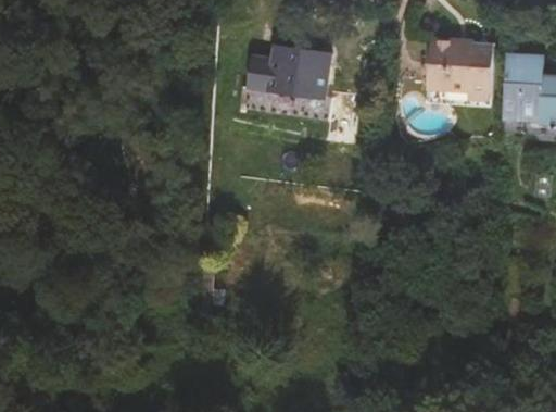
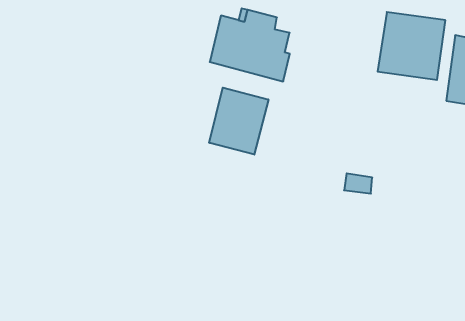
building: none -> [209,88,268,155]

